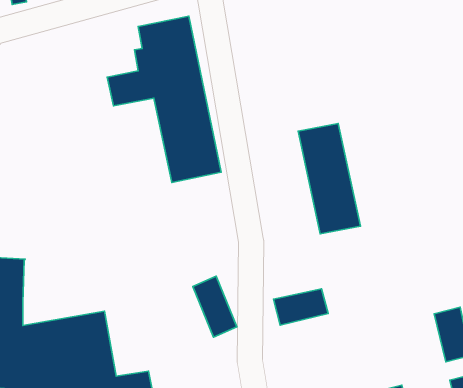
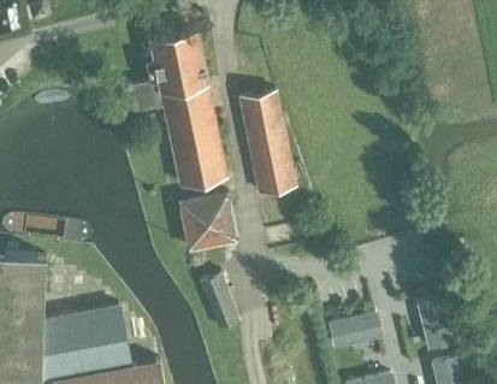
building: [298,123,360,234] -> [238,90,296,193]
building: none -> [176,191,237,250]
building: [274,289,328,325] -> [335,313,385,347]

